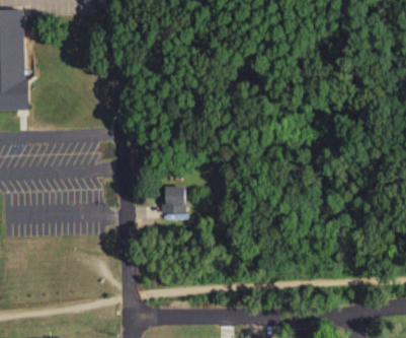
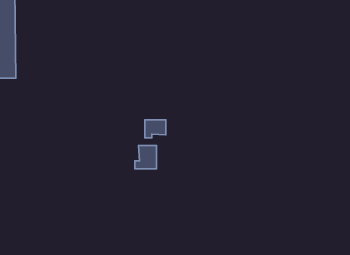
building: none -> [145,120,166,138]

